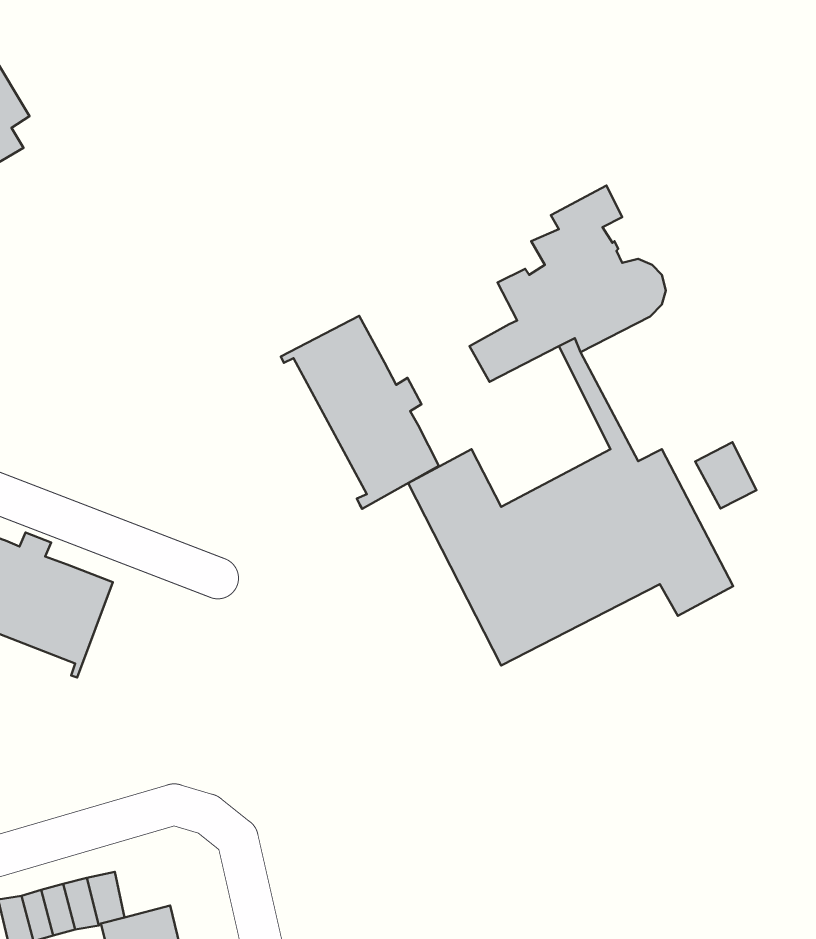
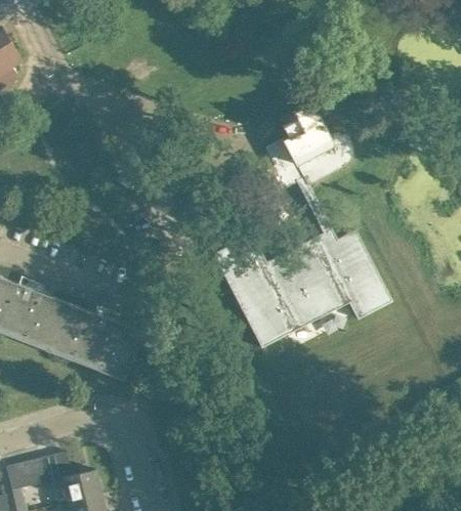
building: [281,316,439,509] -> none
building: [695,442,757,509] -> none
building: none -> [45,303,141,382]

